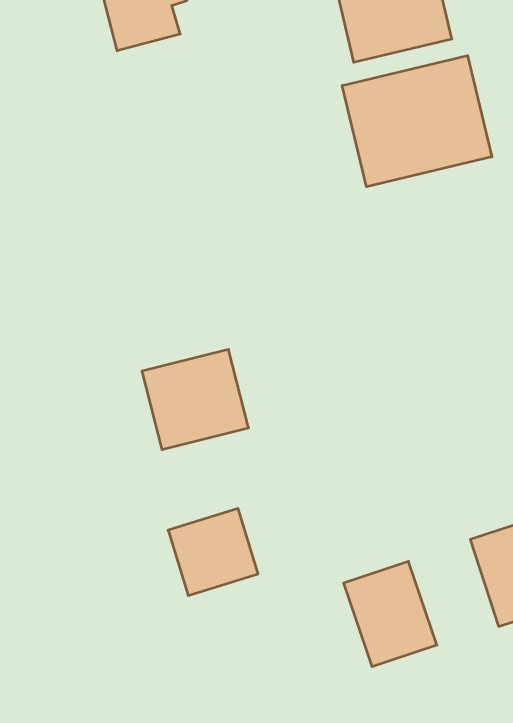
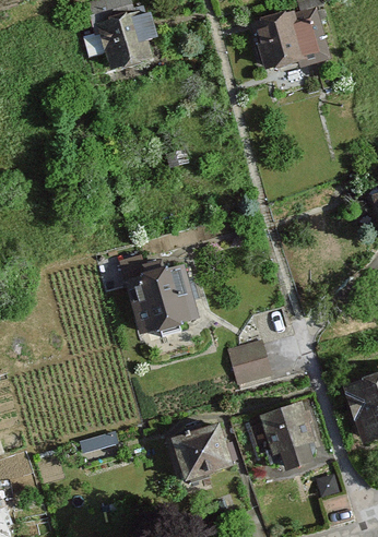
building: [342,56,492,187] -> none
building: none -> [231,343,272,384]
building: [168,509,258,595] -> [174,421,233,478]

